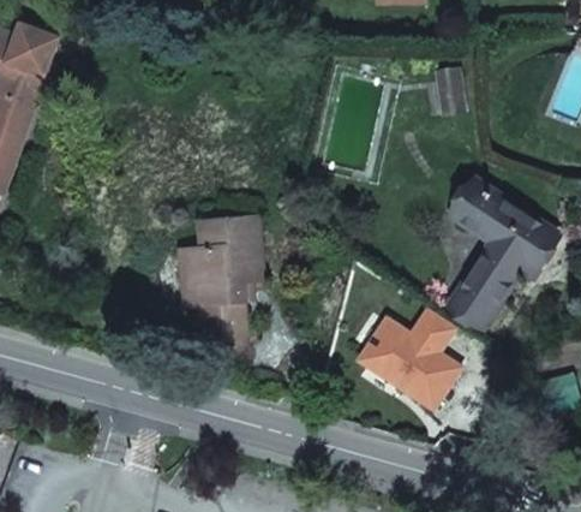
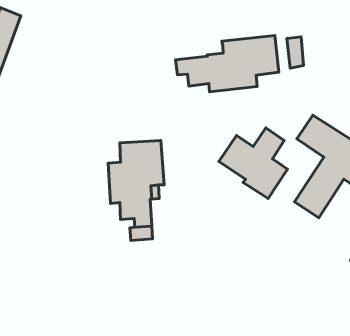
building: none -> [176,35,279,92]
building: [361,306,460,407] -> [219,128,288,198]

